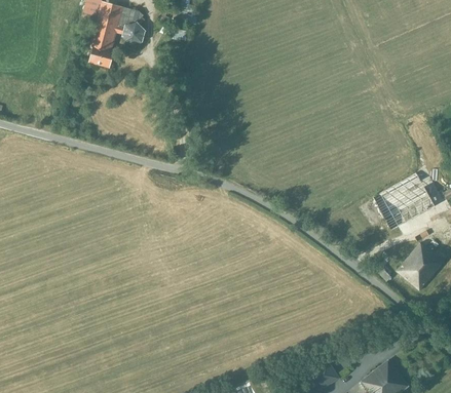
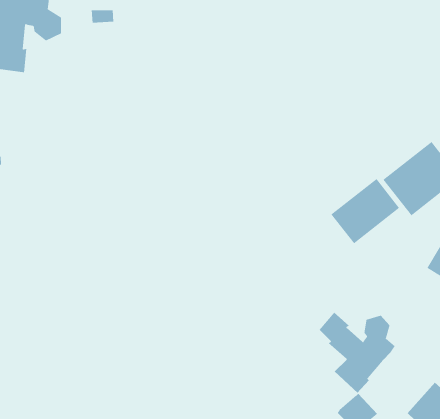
building: none -> [331,178,400,244]
building: none -> [319,312,396,394]

